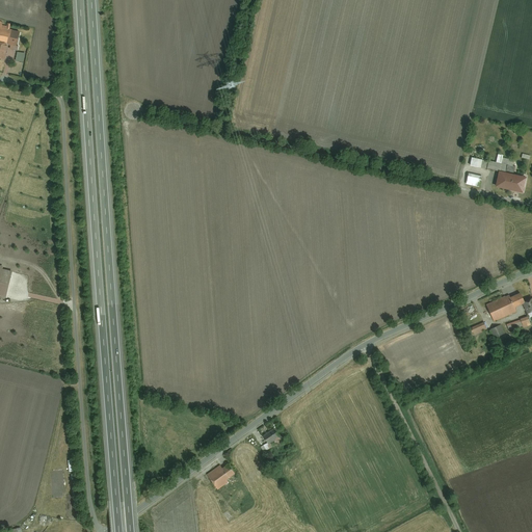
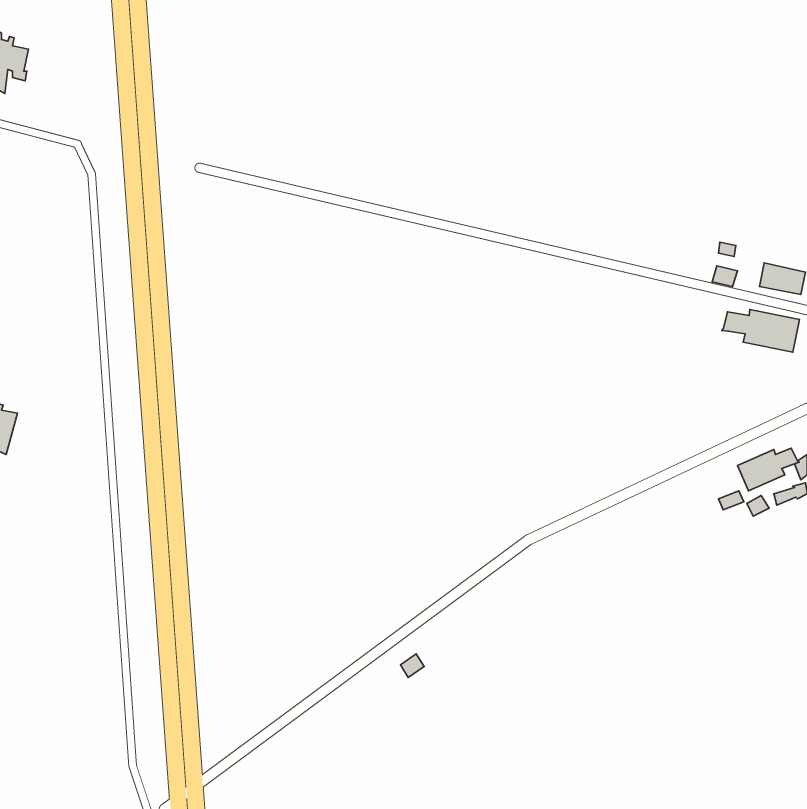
building: none -> [722,309,799,352]
building: [206,464,235,489] -> none

